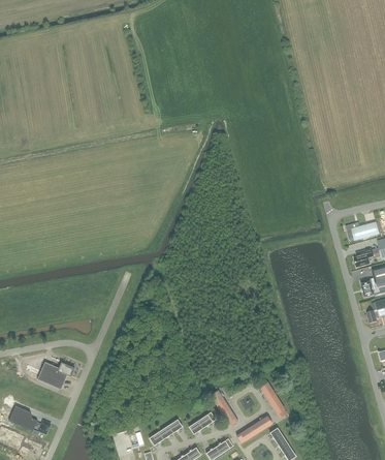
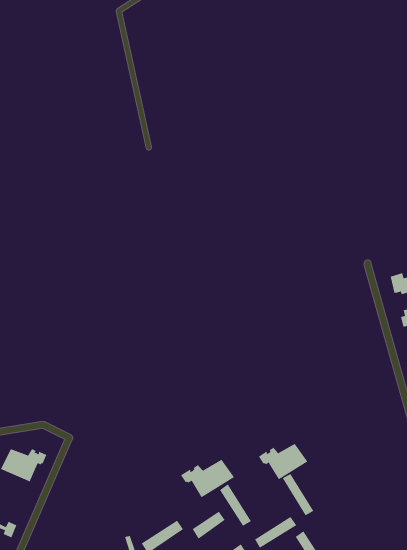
building: none -> [258,443,308,480]
building: none -> [180,459,235,498]

